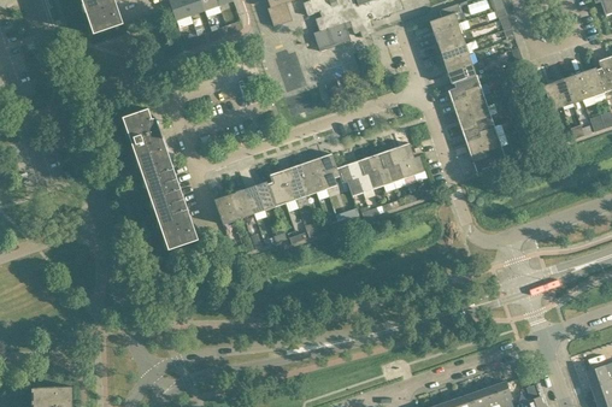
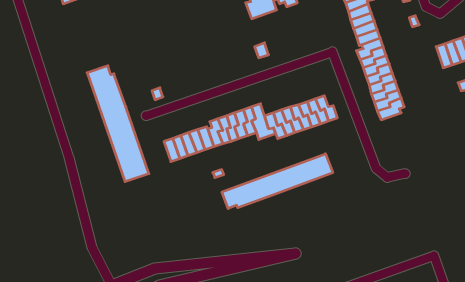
building: none -> [222,154,333,209]

